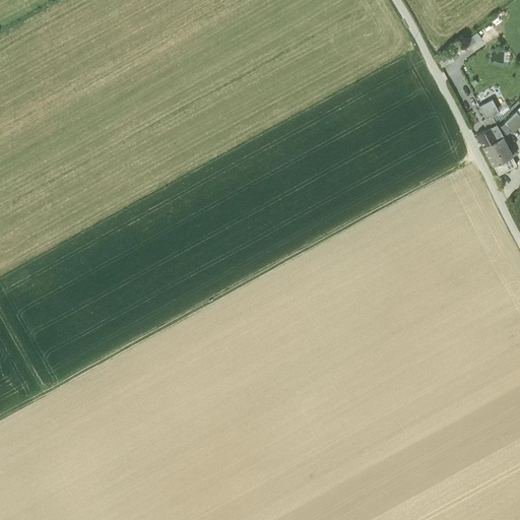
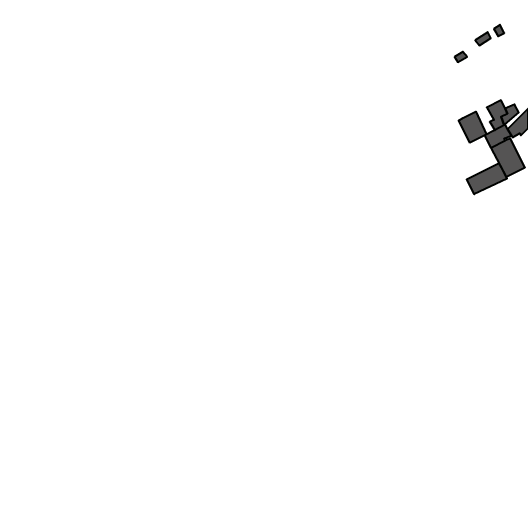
building: none -> [459,112,486,143]
building: none -> [467,163,507,194]

